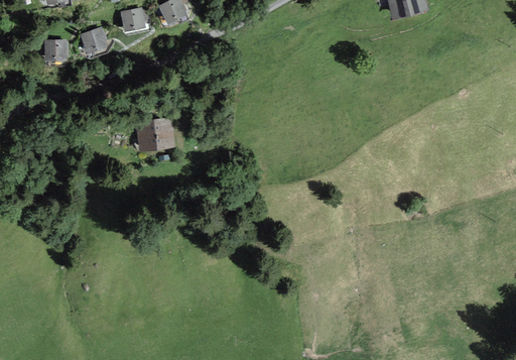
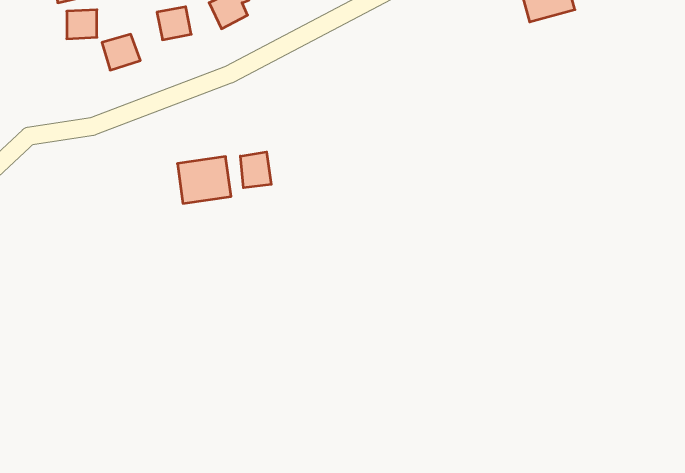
building: [45,40,68,62] -> [67,10,97,39]
building: none -> [240,152,271,188]

